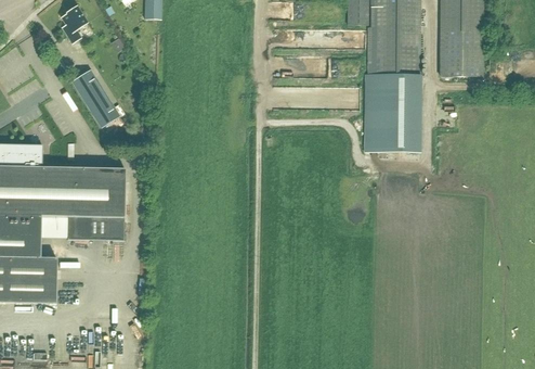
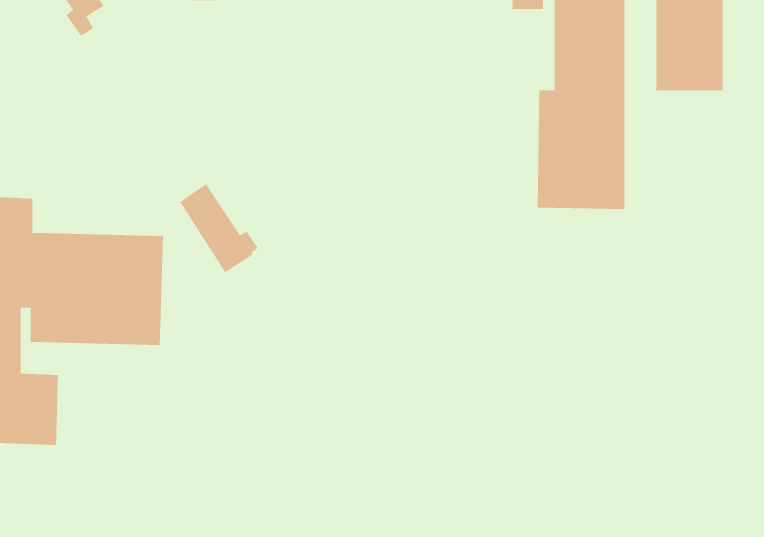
building: [69,69,120,127] -> [179,183,259,273]

